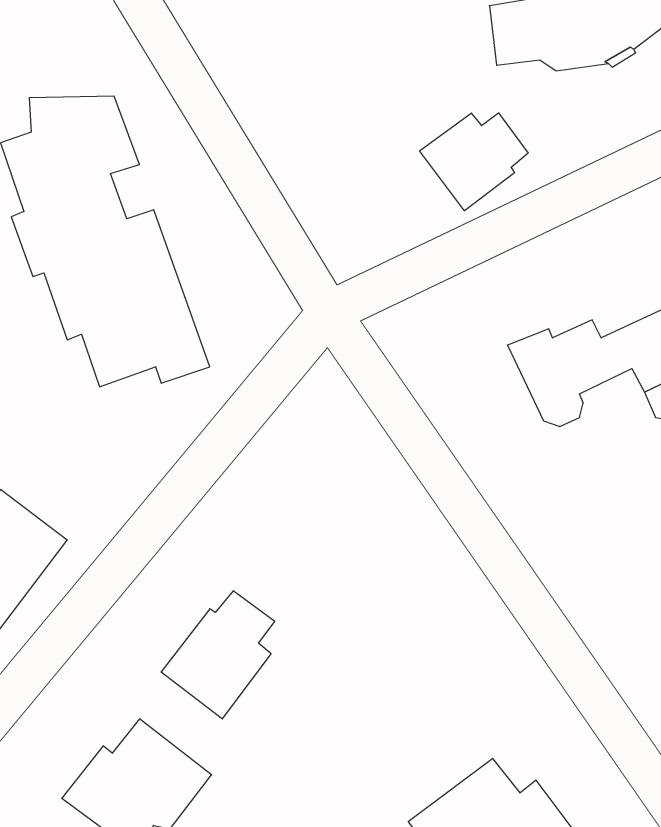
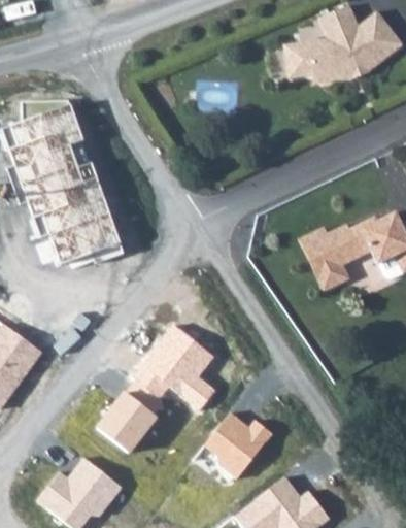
building: [420,113,528,211] -> none
building: none -> [133,324,216,408]
building: none -> [207,412,275,480]

